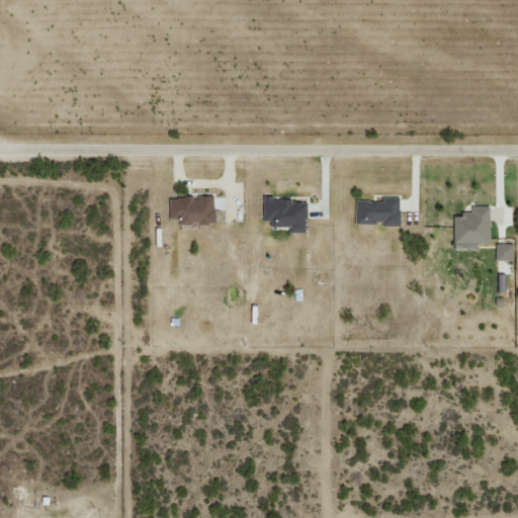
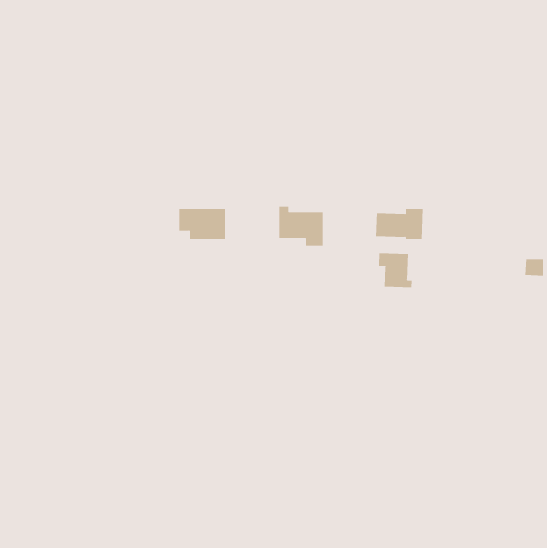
building: [453,206,490,244] -> none
building: none -> [378,253,412,288]

